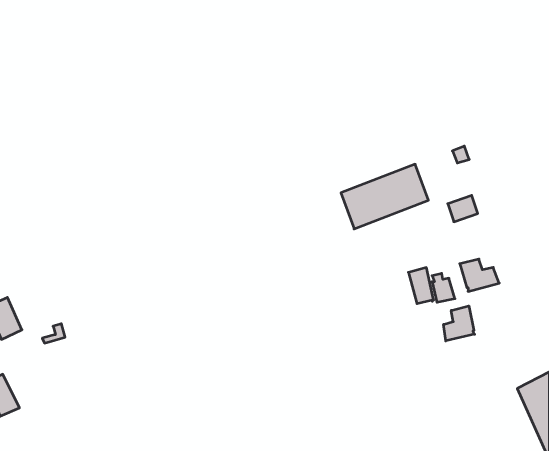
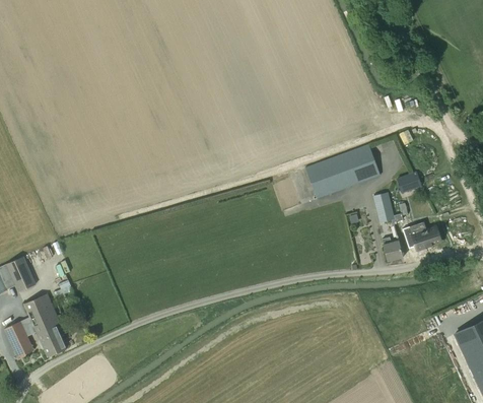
building: [408,268,434,304] -> [372,192,394,222]
building: [444,306,475,341] -> none
building: none -> [24,293,66,356]

